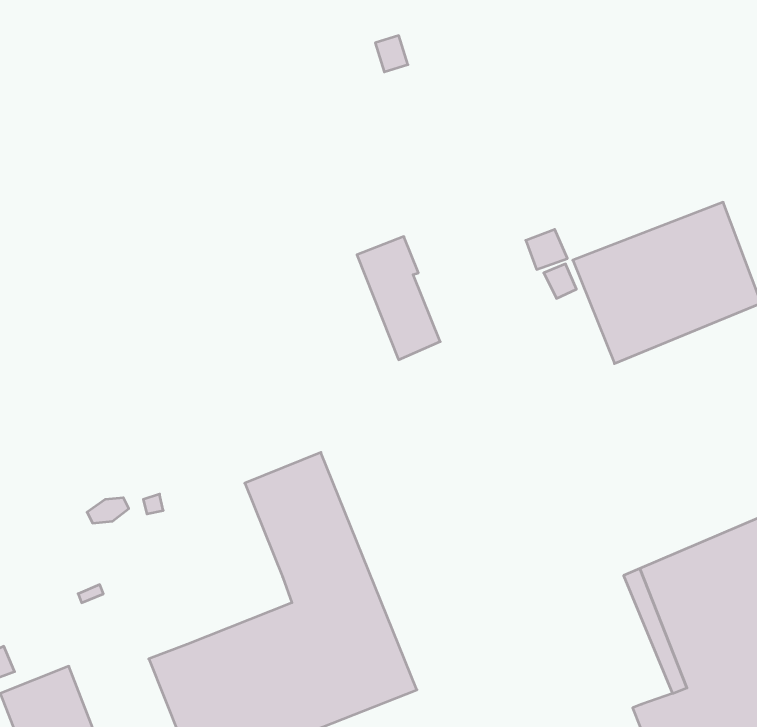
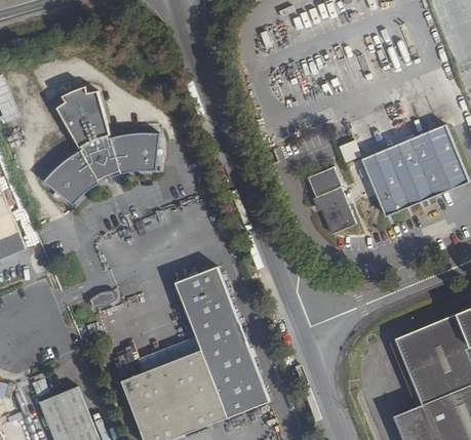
building: none -> [43,82,160,202]
building: [357,237,440,360] -> [308,165,355,235]
building: none -> [138,337,202,375]

